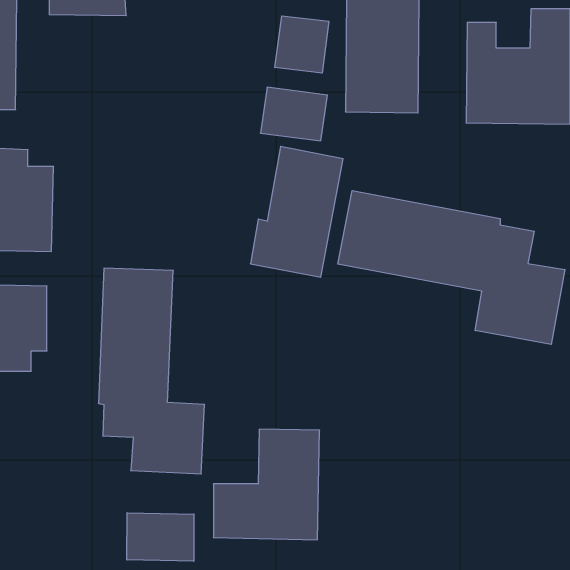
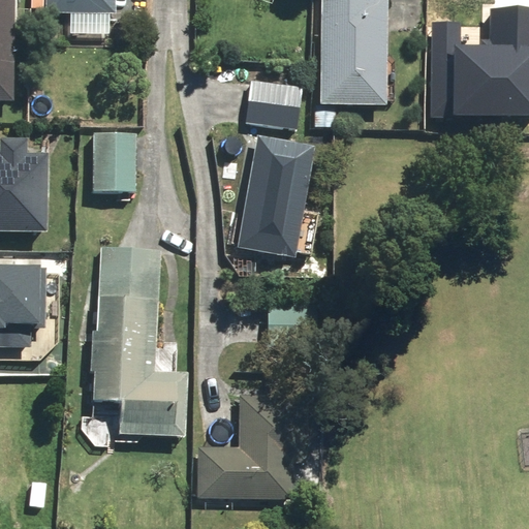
building: [275,16,329,73] -> none
building: none -> [93,133,135,190]
building: [338,191,565,344] -> none
building: [127,513,194,561] -> none

